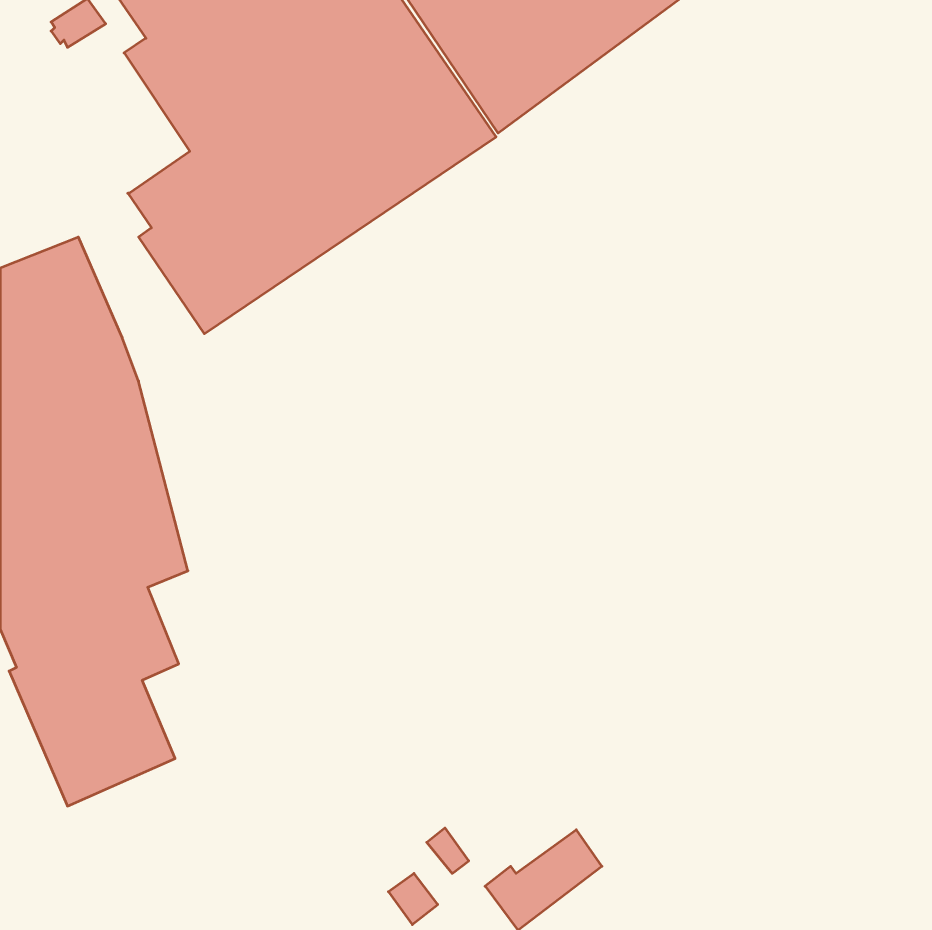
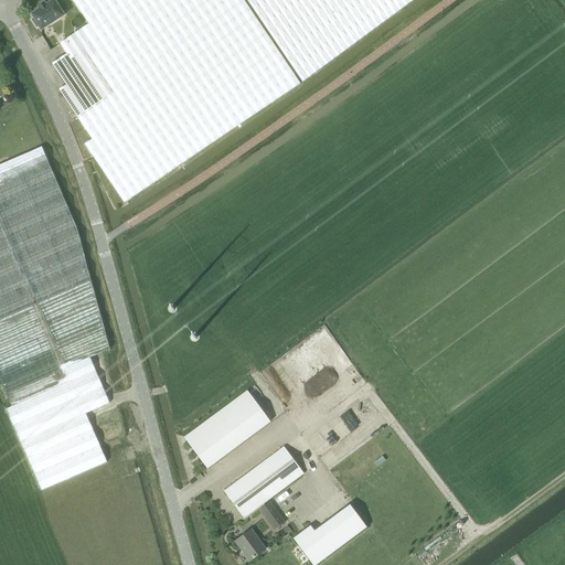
building: none -> [51,32,115,117]
building: none -> [184,390,269,468]
building: none -> [224,446,303,516]

